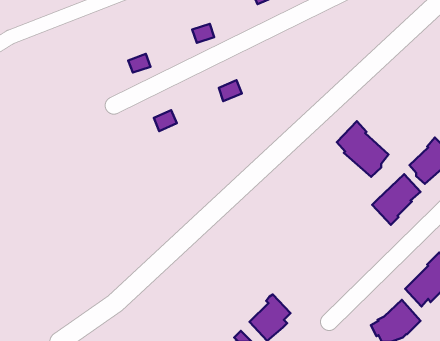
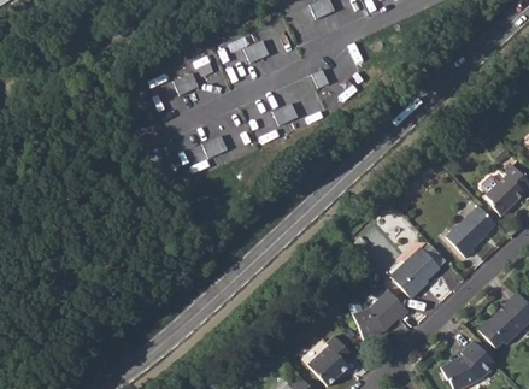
building: [337,121,389,177] -> none
building: none -> [389,248,440,299]
building: none -> [353,289,408,338]

